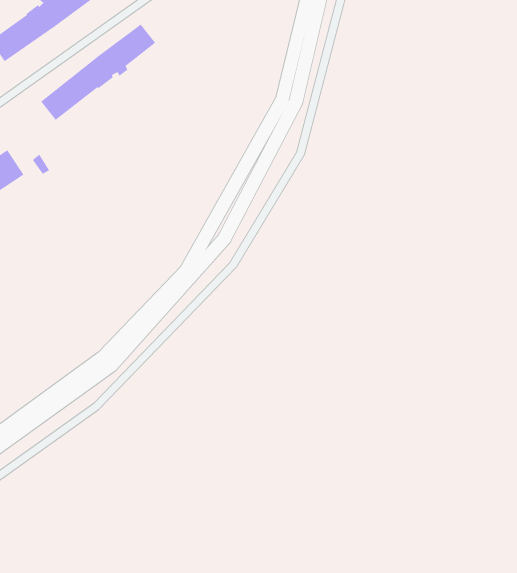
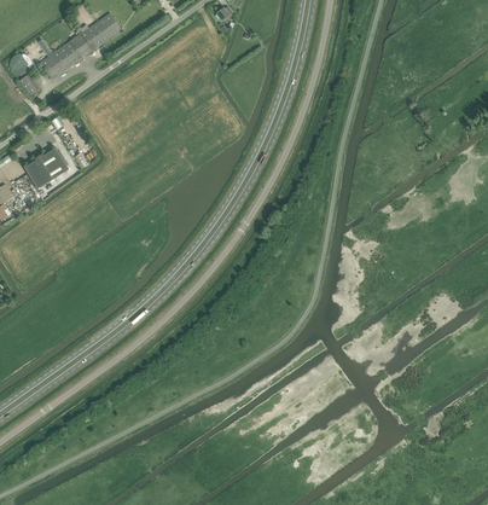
building: [40,23,156,121] -> none

